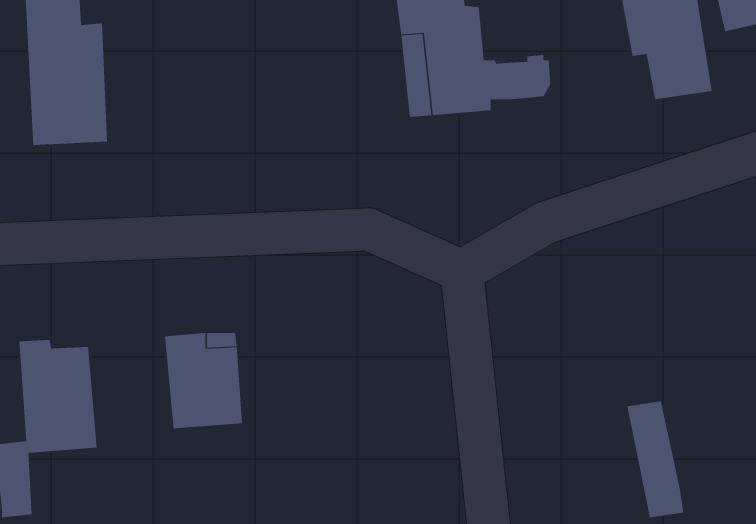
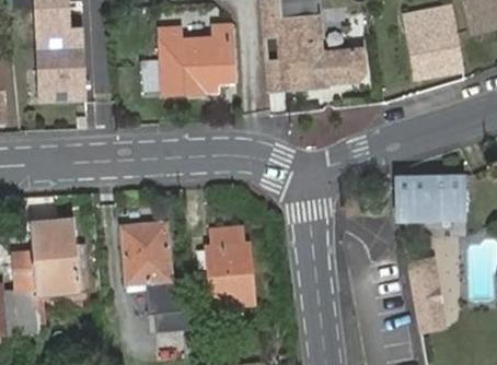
building: none -> [140,26,232,95]
building: none -> [395,178,465,216]
building: none -> [209,229,254,308]

